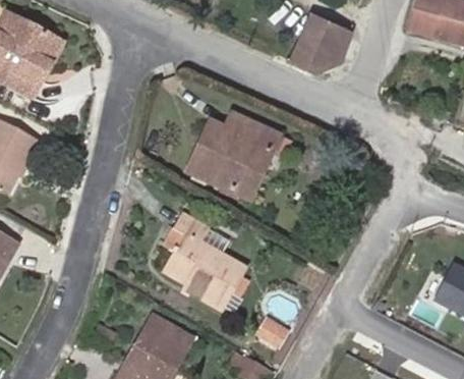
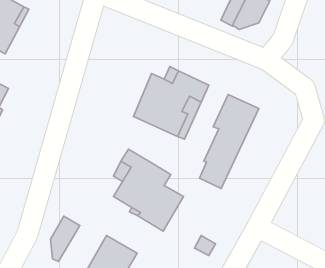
building: none -> [199,95,259,188]
building: none -> [51,216,80,261]

